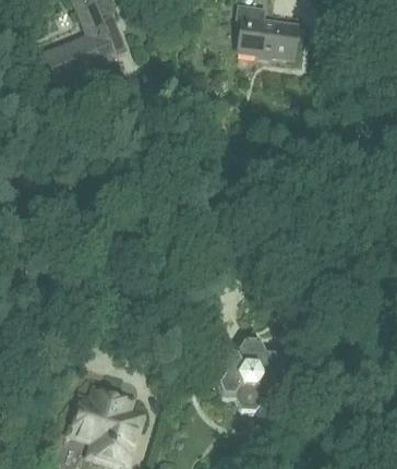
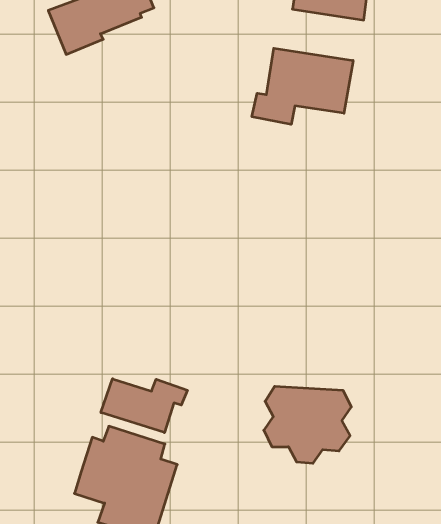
building: none -> [252,48,353,124]
building: none -> [101,379,187,433]

